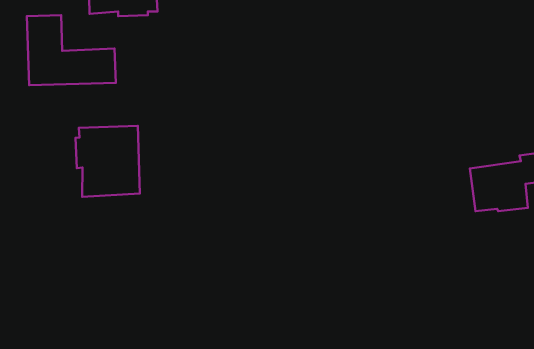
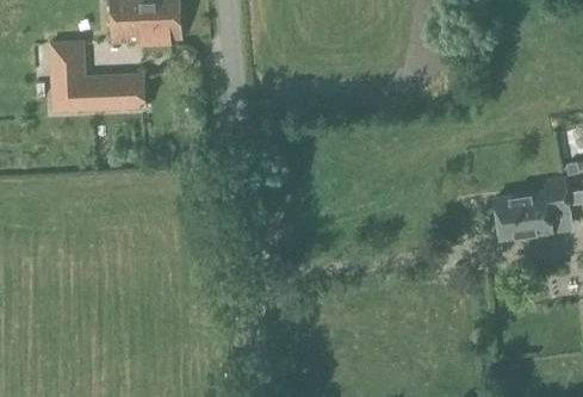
building: [75,126,140,197] -> none

